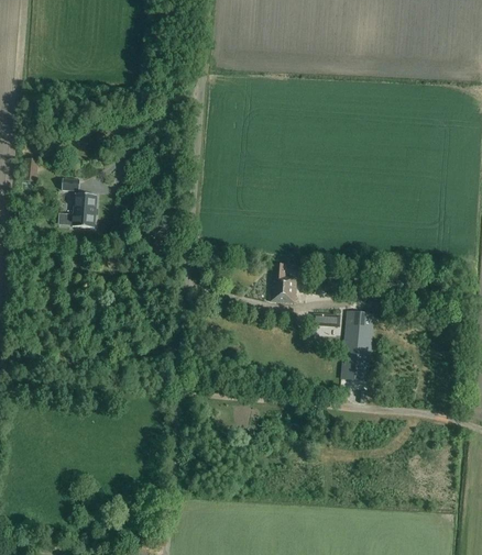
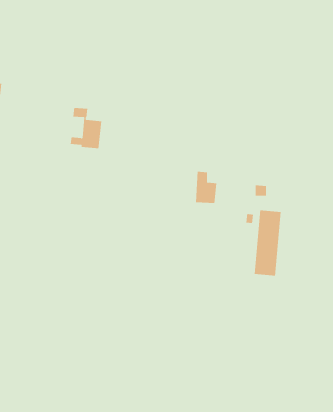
building: [58,177,97,226] -> [70,107,102,149]

